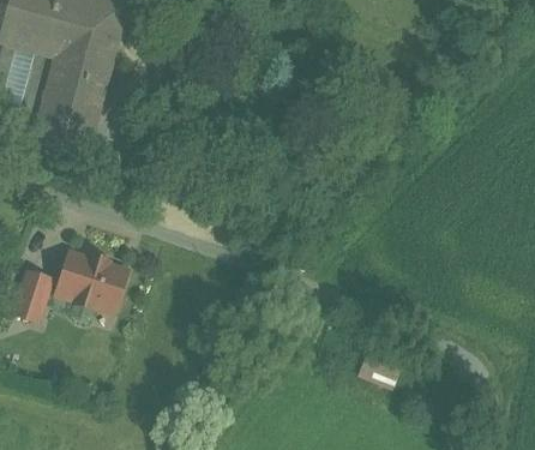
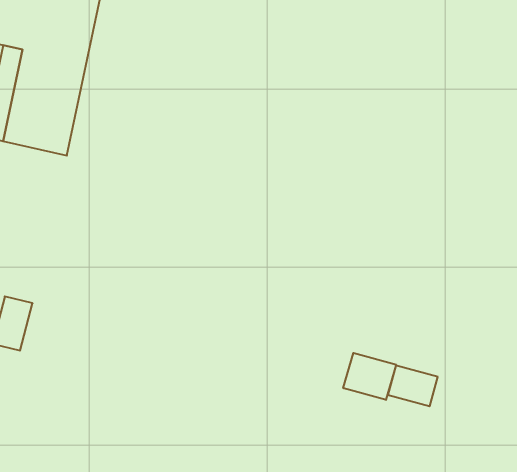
building: [55,248,124,307] -> none
building: none -> [343,353,396,400]

